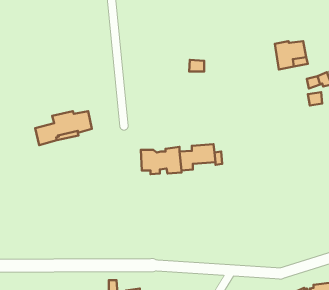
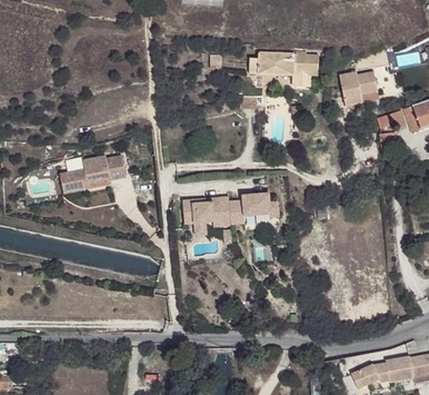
building: none -> [249,51,319,75]

